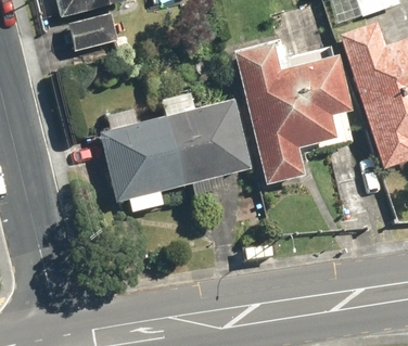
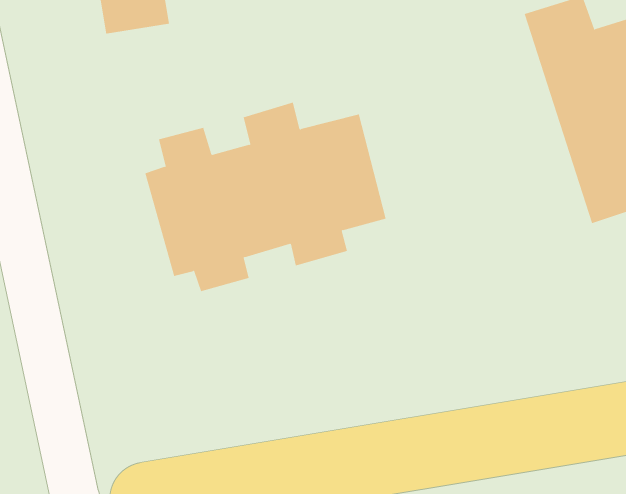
building: [238,47,352,183] -> none

